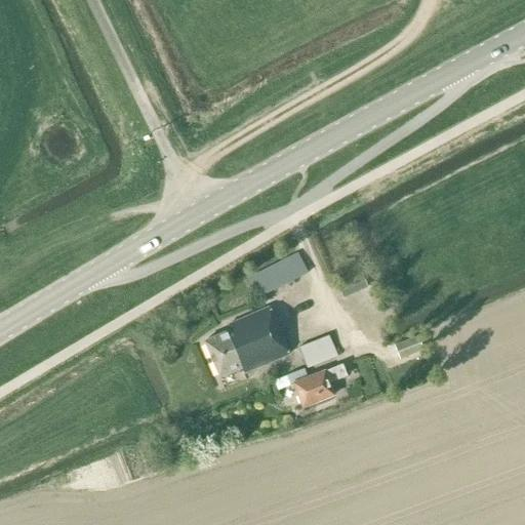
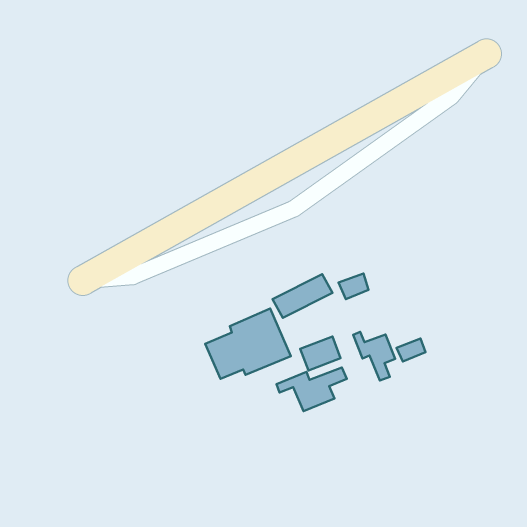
building: [247,252,307,295] -> [273,274,333,318]
building: none -> [353,332,395,380]

